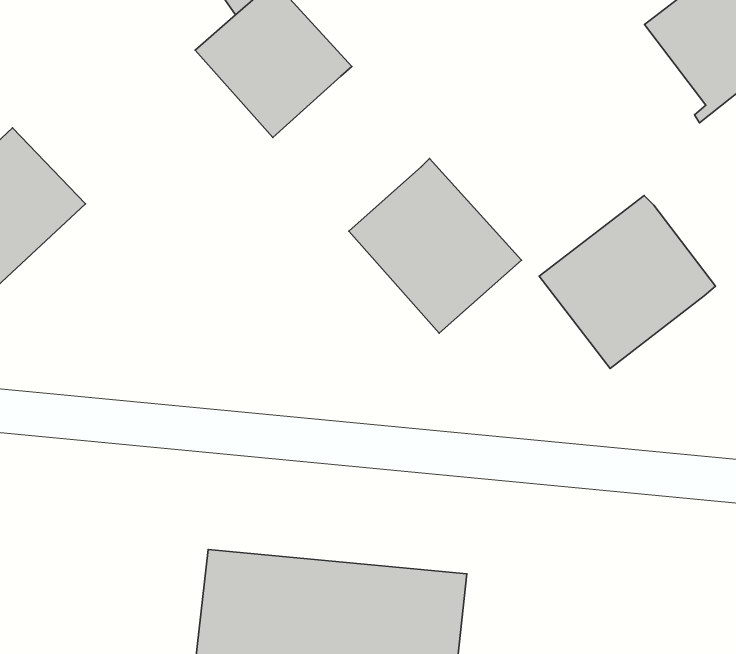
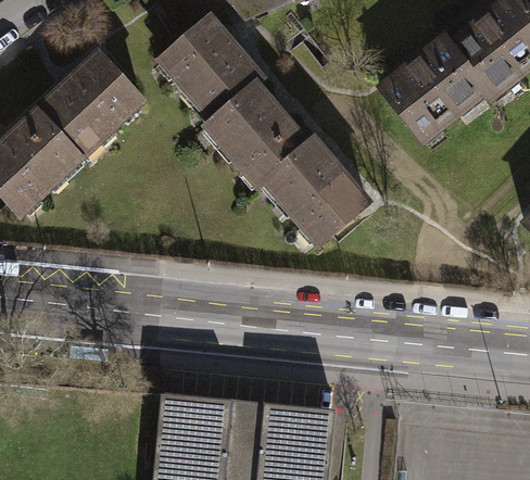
building: none -> [31,52,141,161]
building: none -> [197,75,306,185]
building: [539,196,715,368] -> [379,34,497,150]

